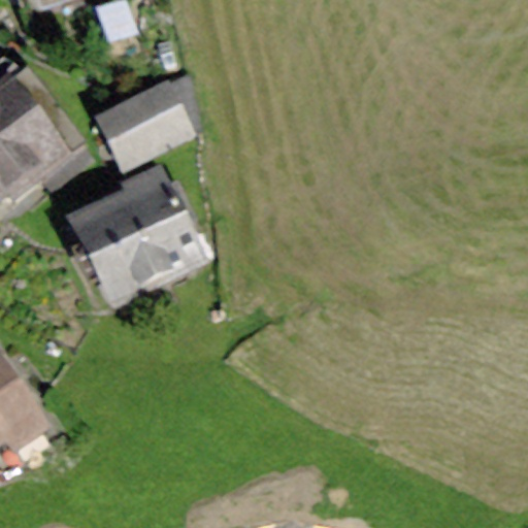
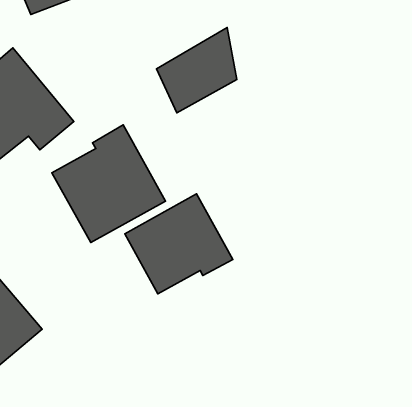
building: [94,64,196,172] -> [157,28,237,113]
building: none -> [125,194,233,294]

